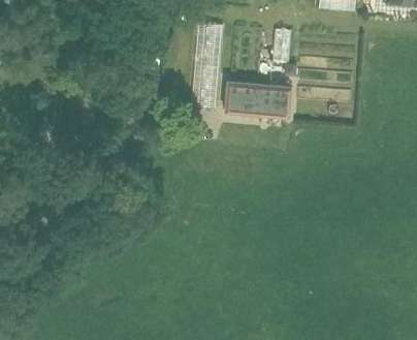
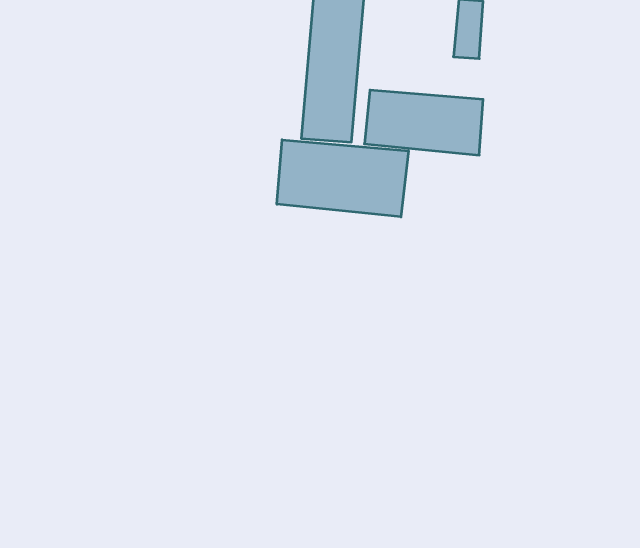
building: none -> [277,140,408,217]

